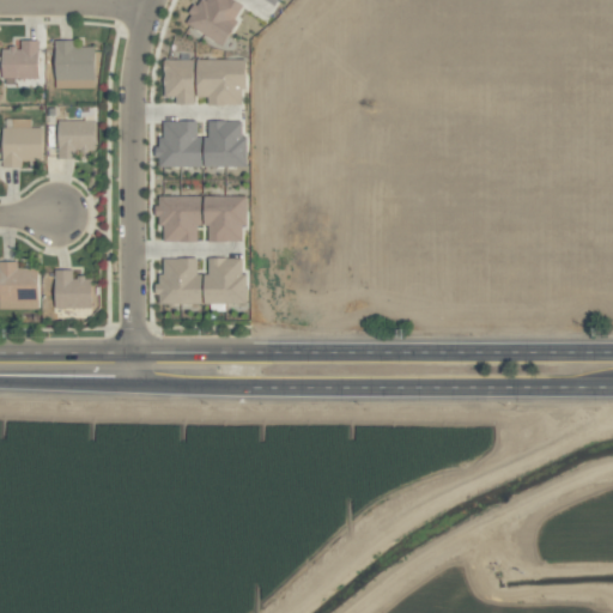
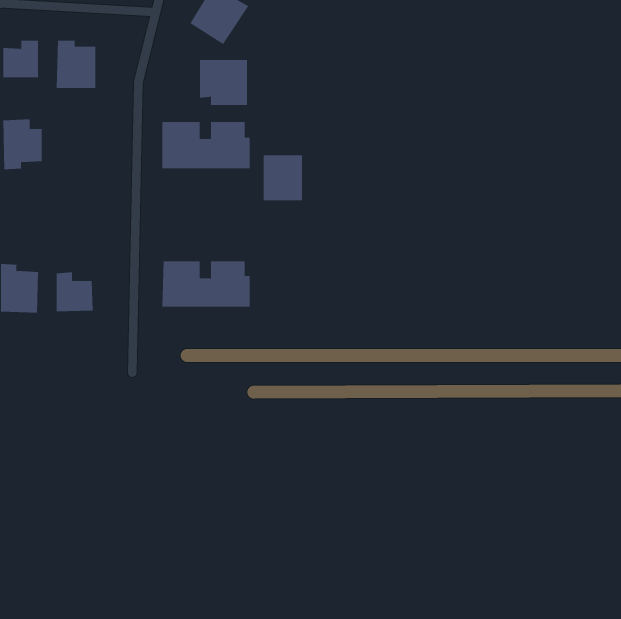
building: [163,59,194,103] -> none
building: [57,120,96,158] -> none
building: [157,195,200,241] -> none
building: [205,195,244,241] -> [263,155,303,201]

